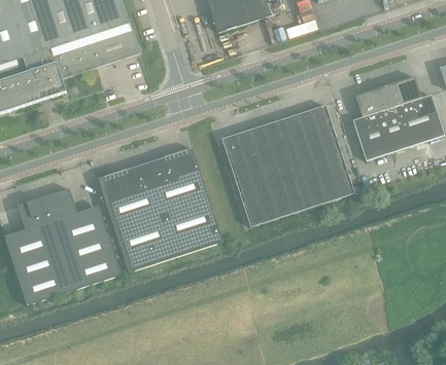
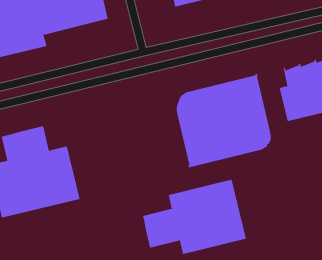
building: [98,148,222,271] -> none
building: none -> [143,179,246,255]

